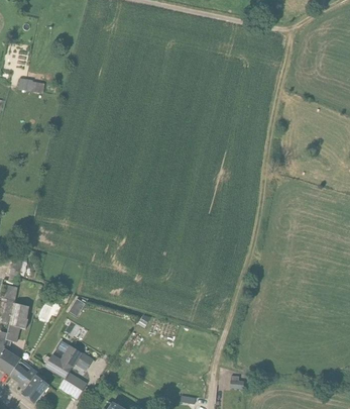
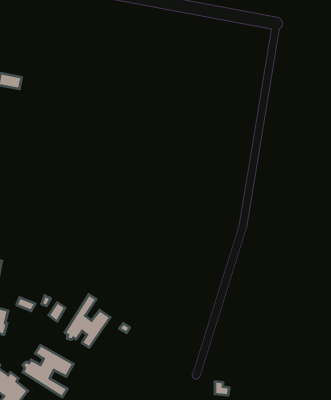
building: none -> [65,294,110,347]

